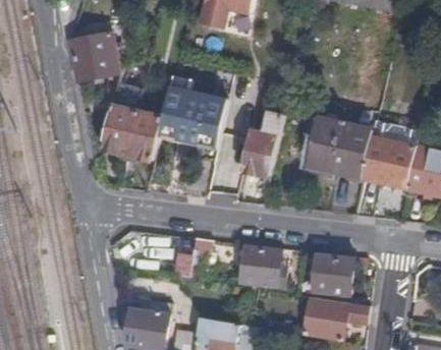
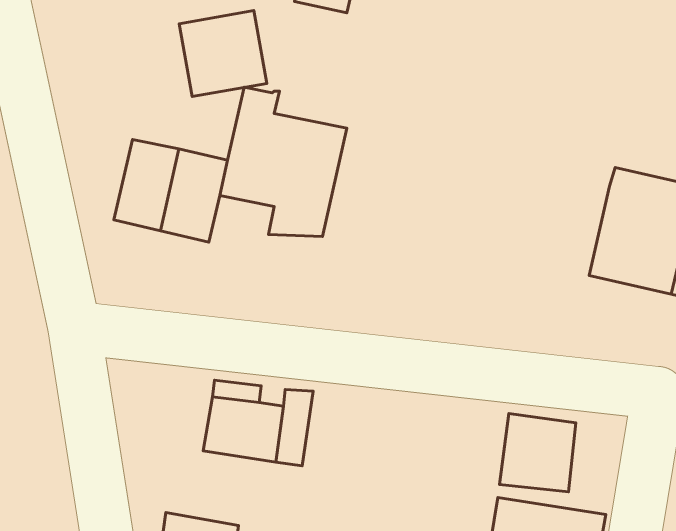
building: [69,33,117,79] -> [179,11,267,96]
building: [240,110,282,176] -> none
building: [299,115,371,178] -> none
building: [239,244,281,288] -> none

